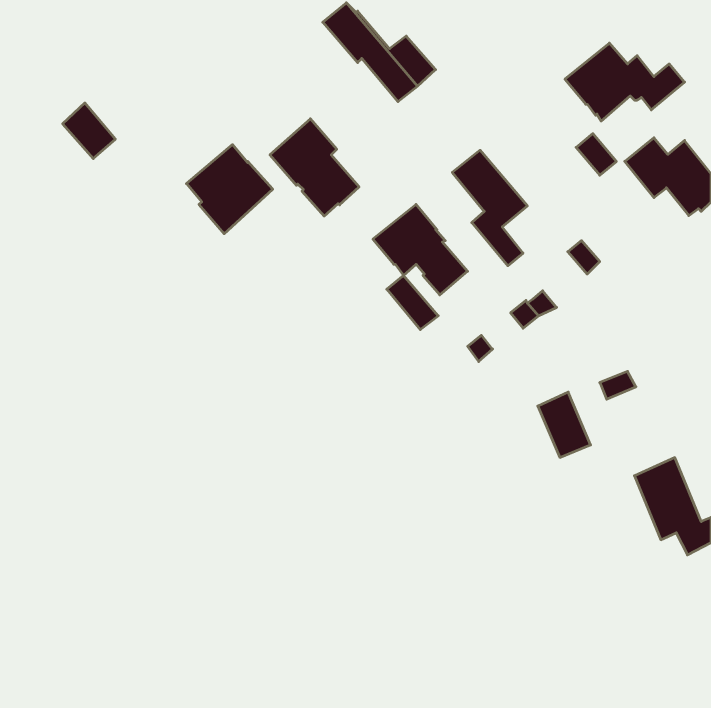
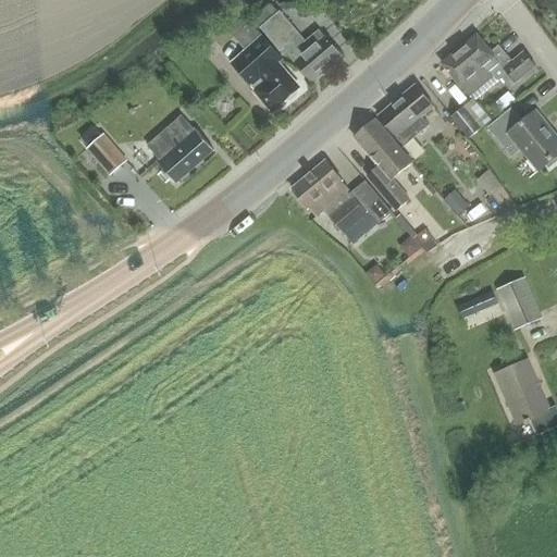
building: [63,103,115,159] -> [86,131,127,174]
building: none -> [379,84,433,145]
building: [270,119,359,216] -> [230,34,299,110]
building: [387,275,438,330] -> [351,180,392,222]
building: [538,392,591,457] -> [497,276,539,327]

